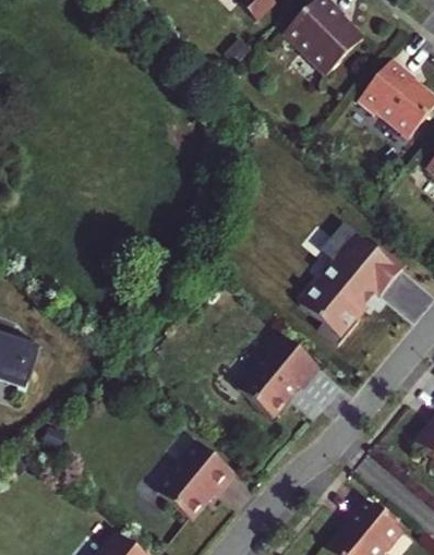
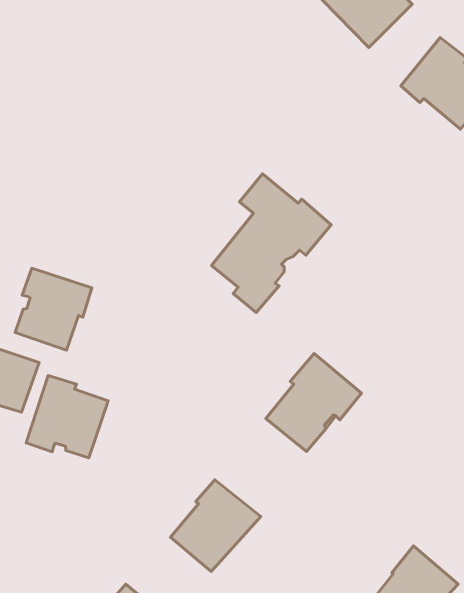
building: [301,225,403,343] -> [212,174,331,313]
building: none -> [15,268,92,350]
building: none -> [26,376,108,458]

